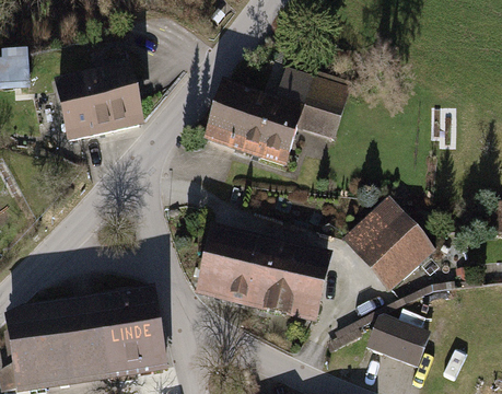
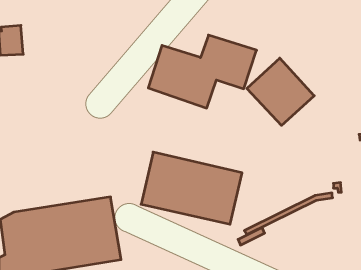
building: [57,70,147,148] -> none
building: [343,196,435,288] -> [247,58,314,125]
building: [365,314,431,367] -> none

